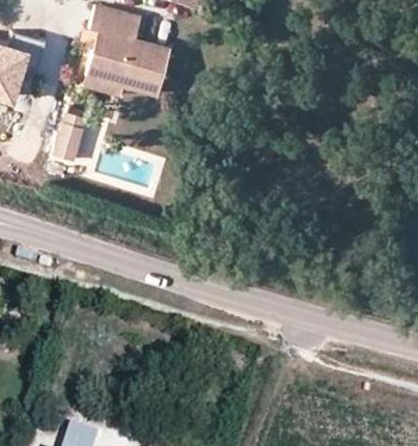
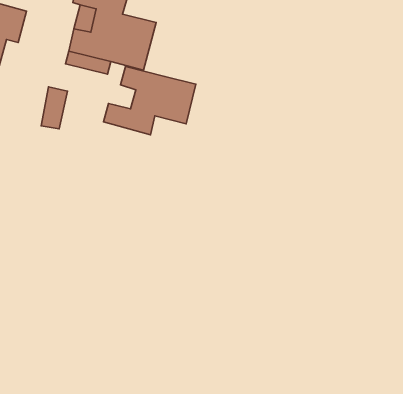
building: none -> [104,67,196,135]

